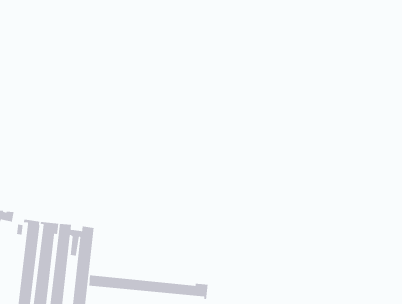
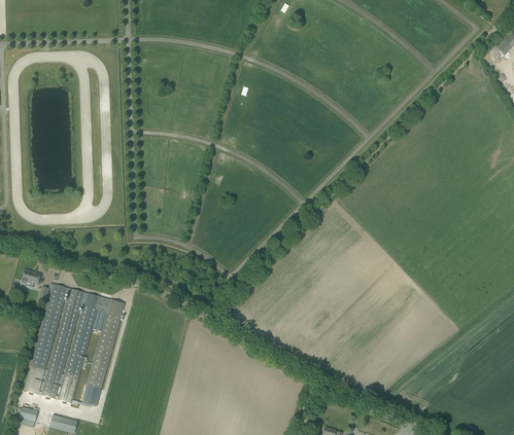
building: [88,275,208,300] -> none

